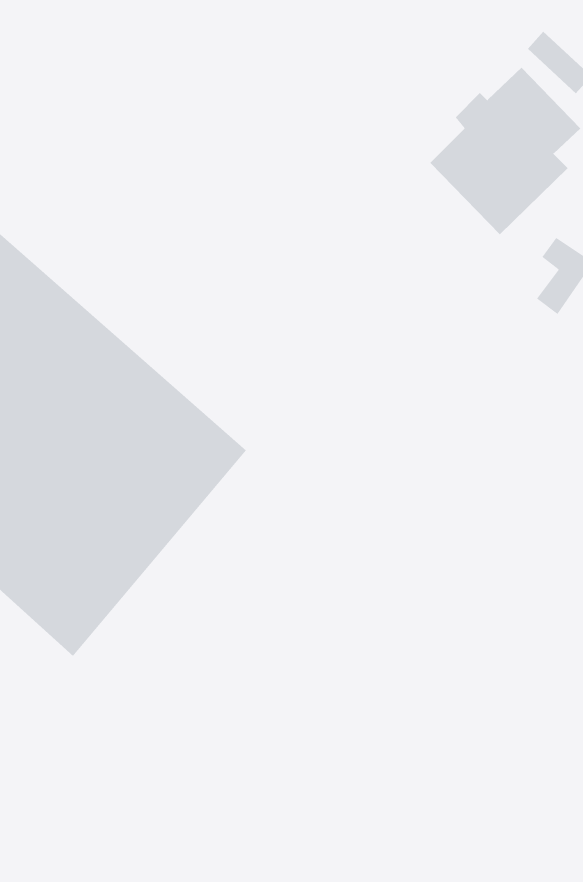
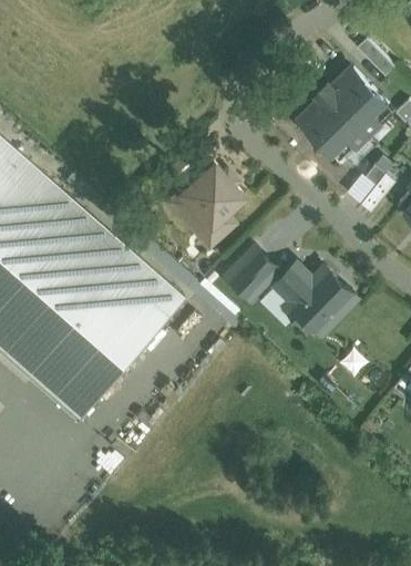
building: none -> [162,145,250,257]
building: none -> [224,241,281,302]
building: none -> [278,257,366,341]

